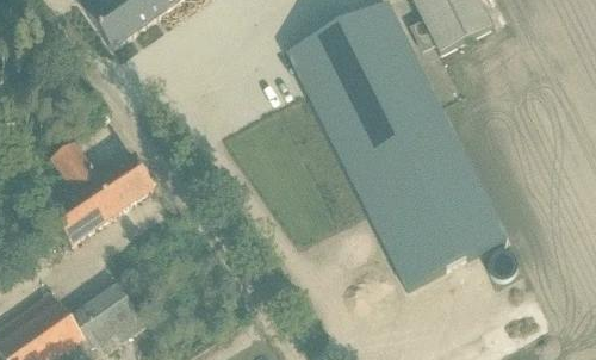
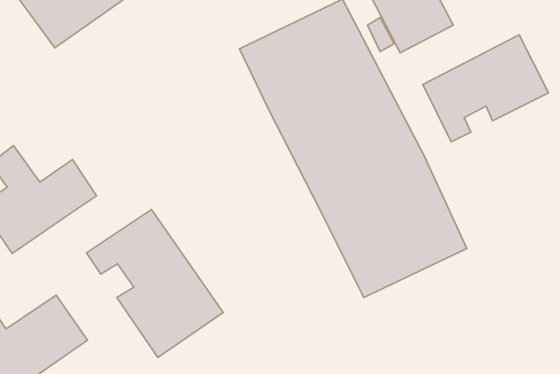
building: none -> [423,35,549,142]
building: none -> [87,209,223,357]

